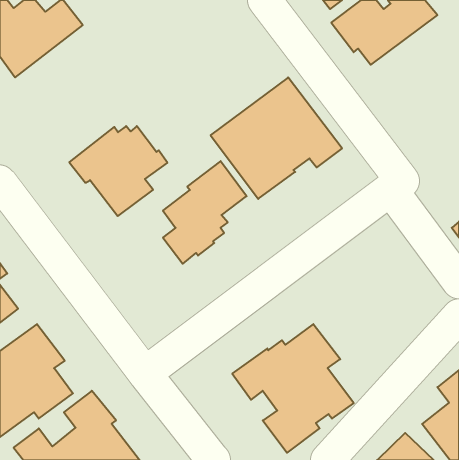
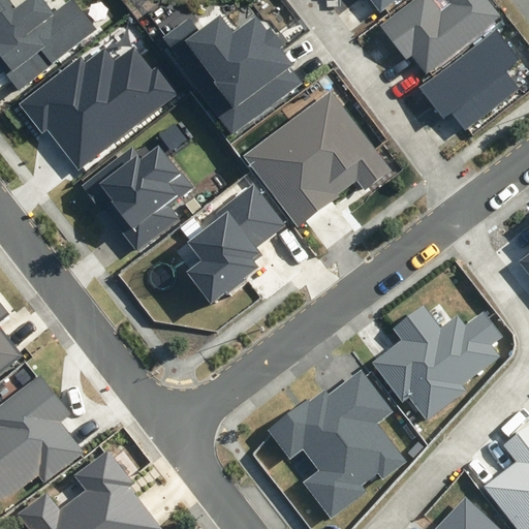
building: none -> [161,14,299,131]
building: none -> [418,29,521,129]
building: none -> [19,45,178,170]
building: none -> [370,304,500,422]

